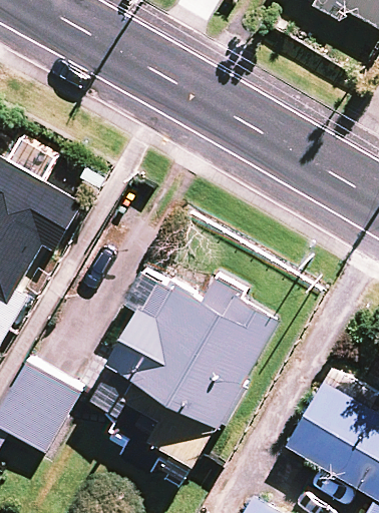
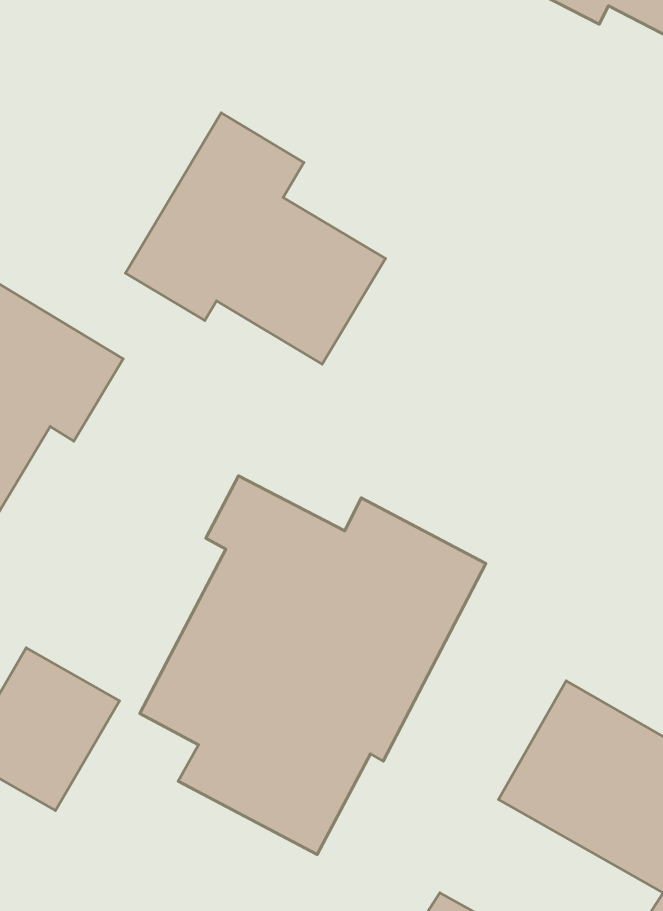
building: none -> [126,113,386,364]

